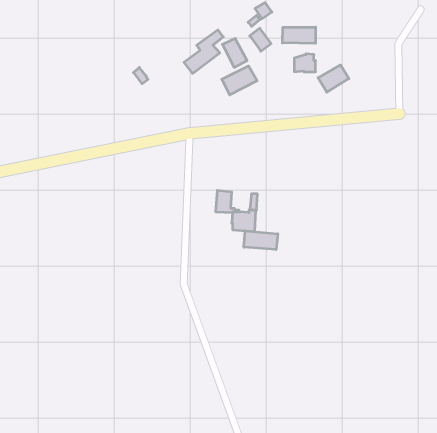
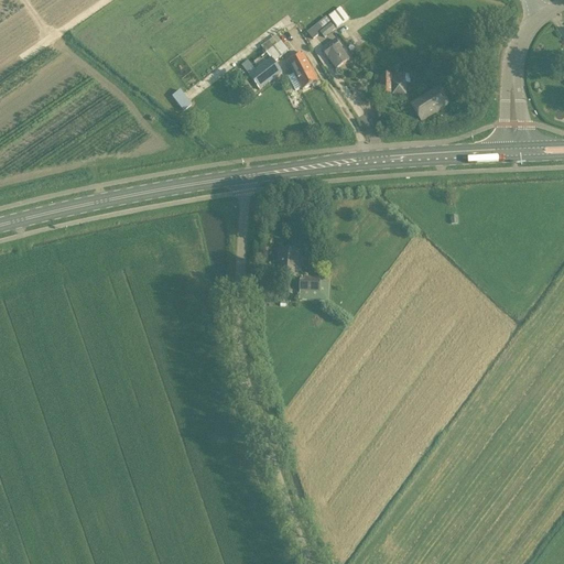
building: [282,27,316,43] -> none
building: [222,66,257,95] -> none
building: [244,231,278,250] -> none

